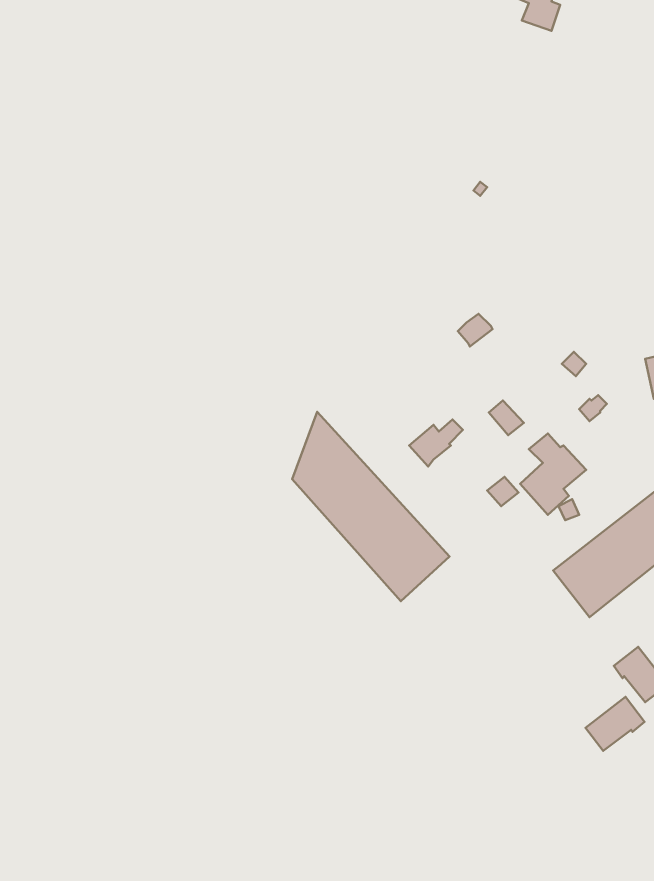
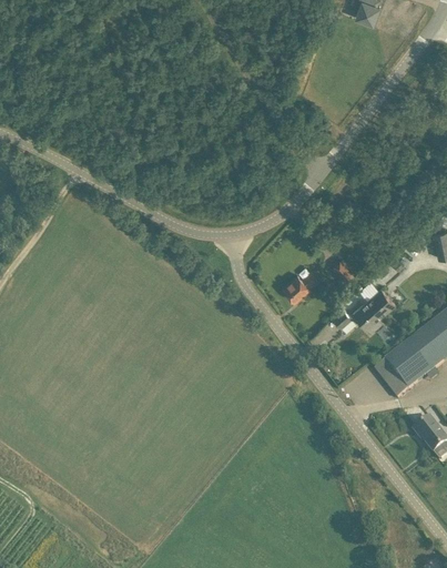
building: [292,412,450,601] -> none
building: [585,697,645,751] -> none

